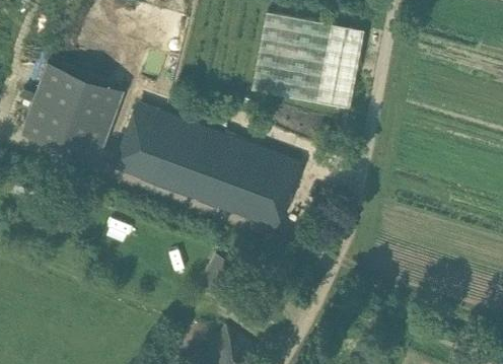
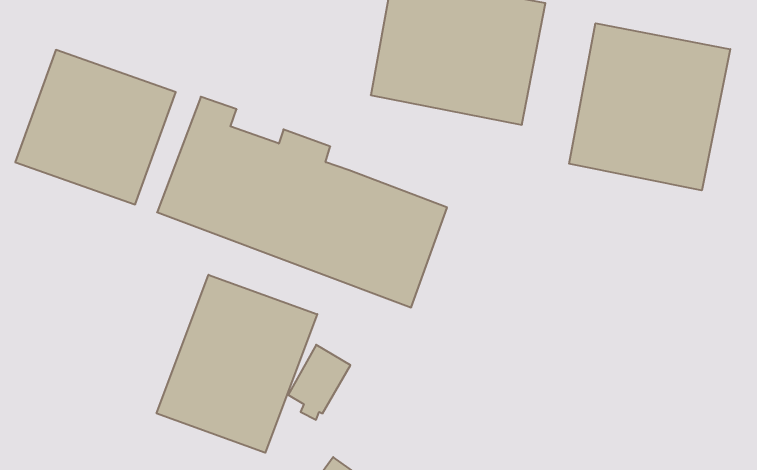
building: none -> [569,23,730,190]
building: none -> [157,275,317,453]

